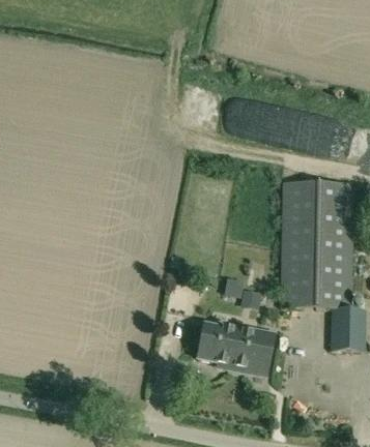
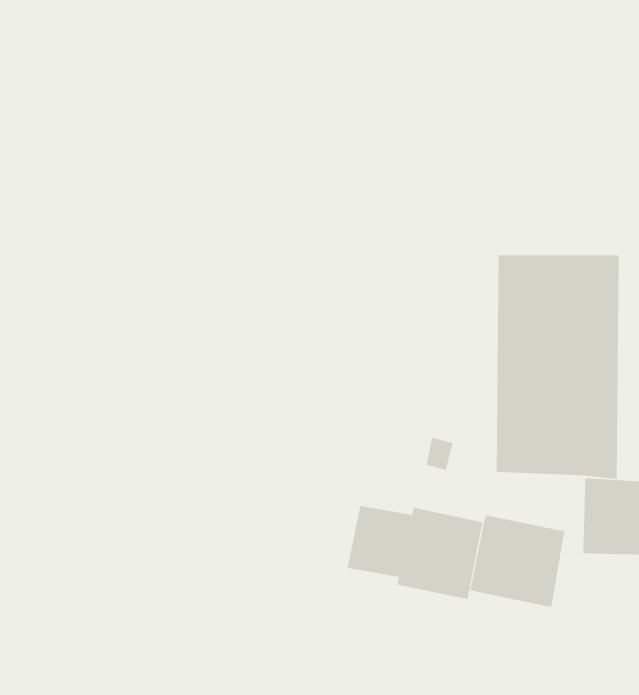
building: none -> [470,515,565,608]

